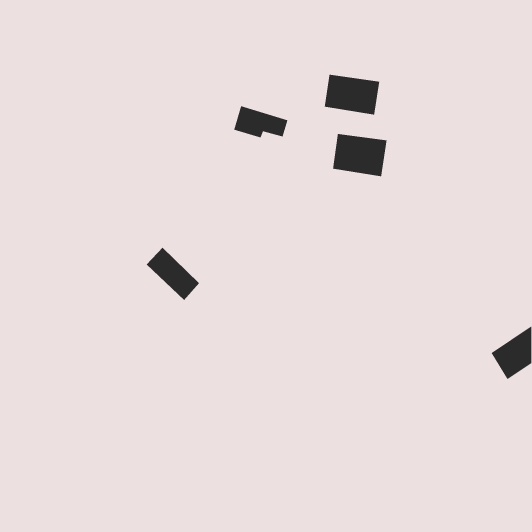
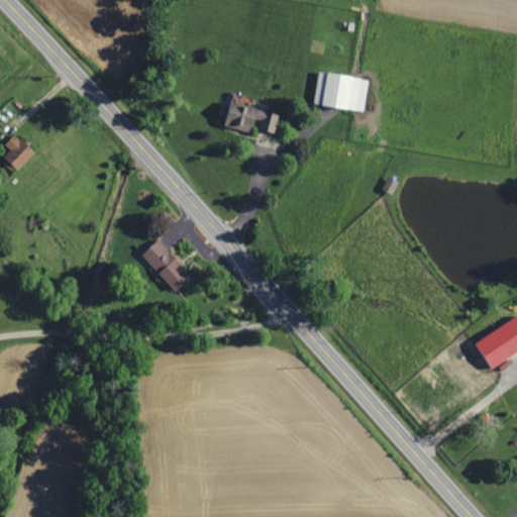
building: [332,133,388,177] -> none
building: none -> [4,133,35,170]

